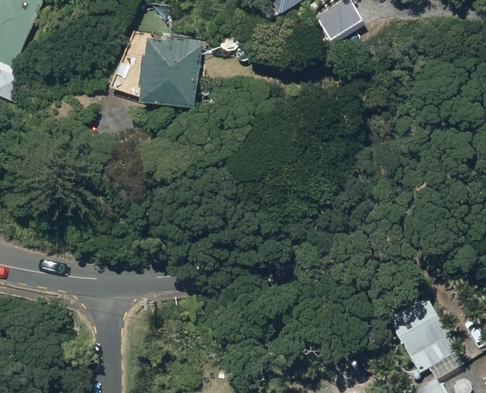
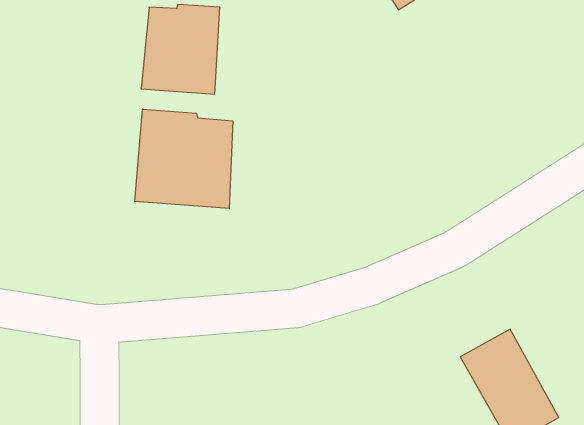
building: none -> [135,109,233,208]

